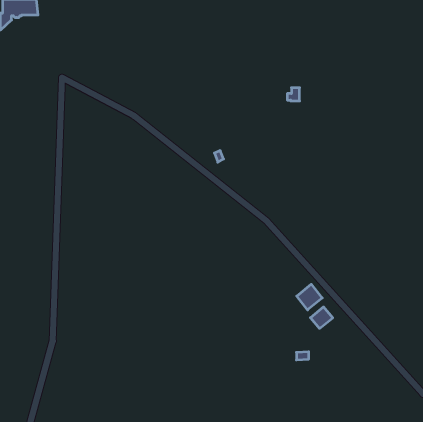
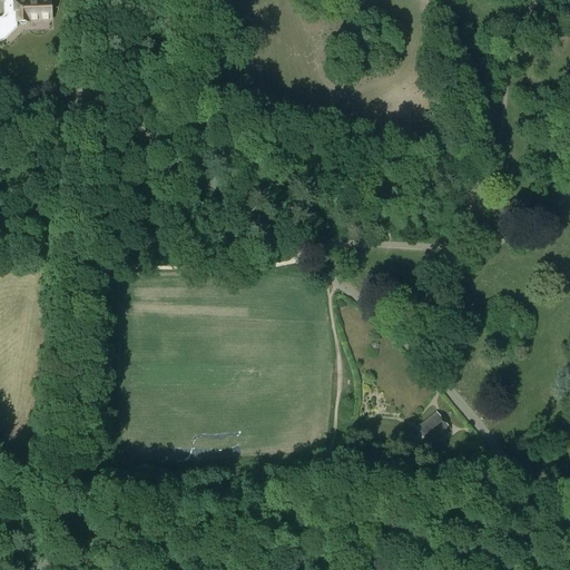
building: [297,284,322,310] -> none

